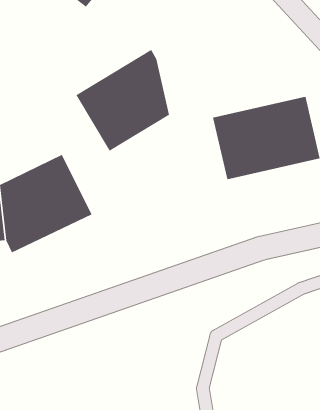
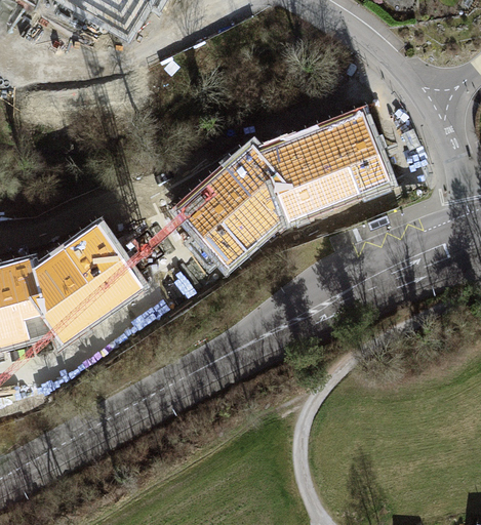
building: [76,49,170,152] -> [177,142,287,265]

